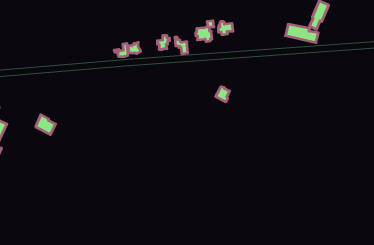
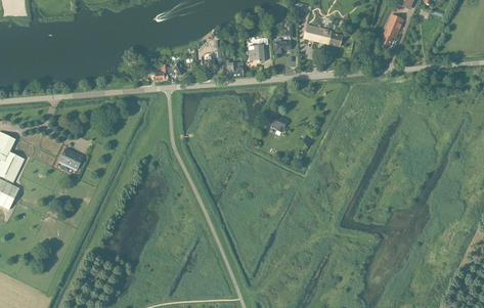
building: [285,24,318,43] -> [303,24,342,45]

